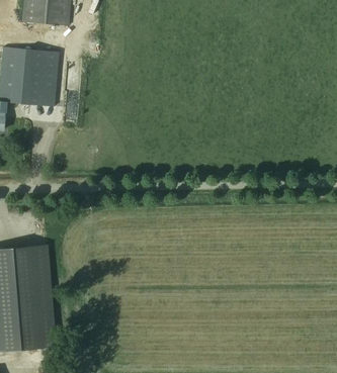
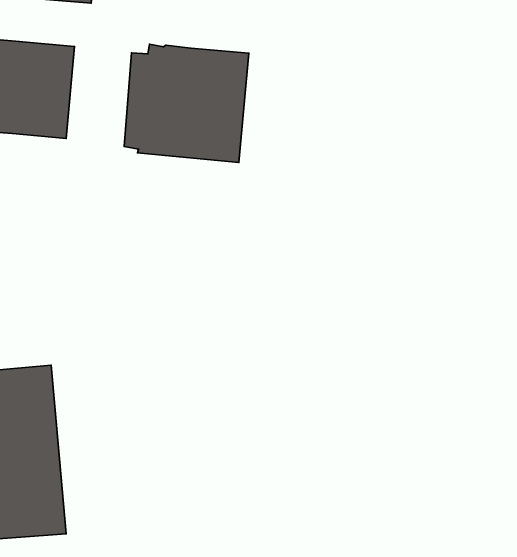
building: none -> [124,44,249,162]

